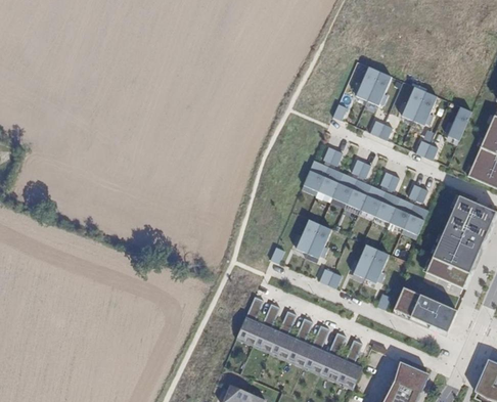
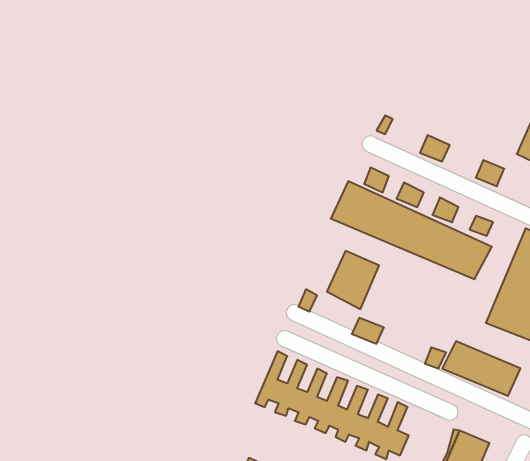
building: [357,66,393,105] -> none
building: [404,89,438,124] -> none
building: [348,240,390,286] -> none

